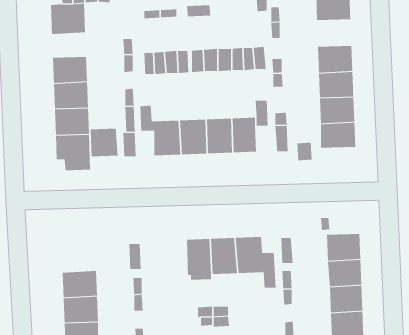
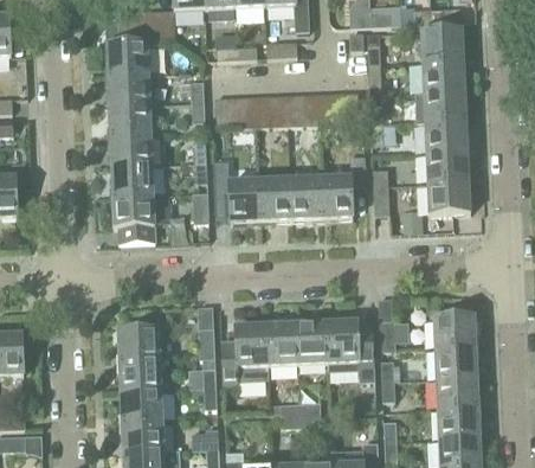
building: none -> [423,60,465,92]
building: none -> [107,76,149,105]
building: none -> [221,322,269,386]
building: none -> [118,328,161,361]

